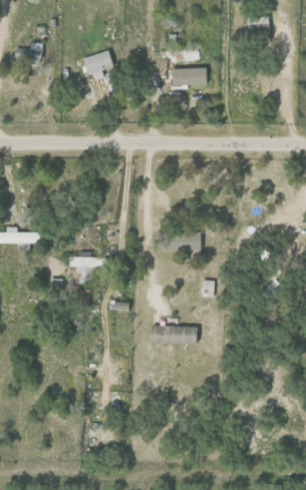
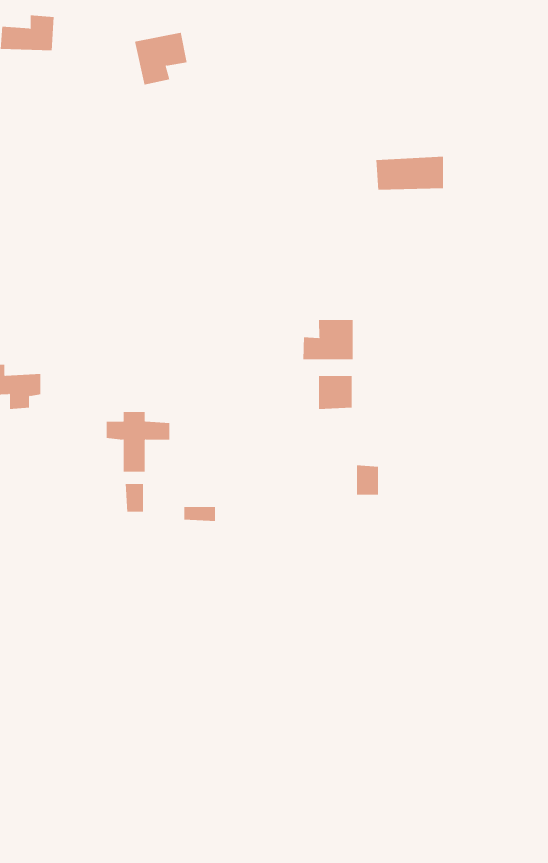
building: [172,67,208,85] -> [376,156,444,190]
building: none -> [303,319,353,360]
building: [150,326,197,345] -> none

